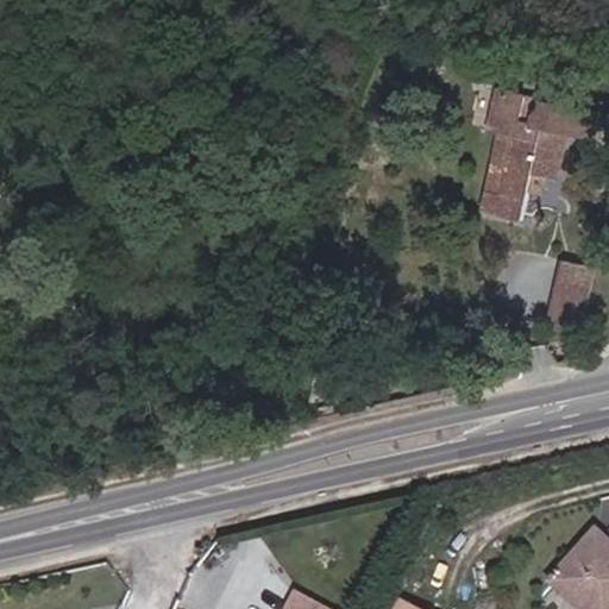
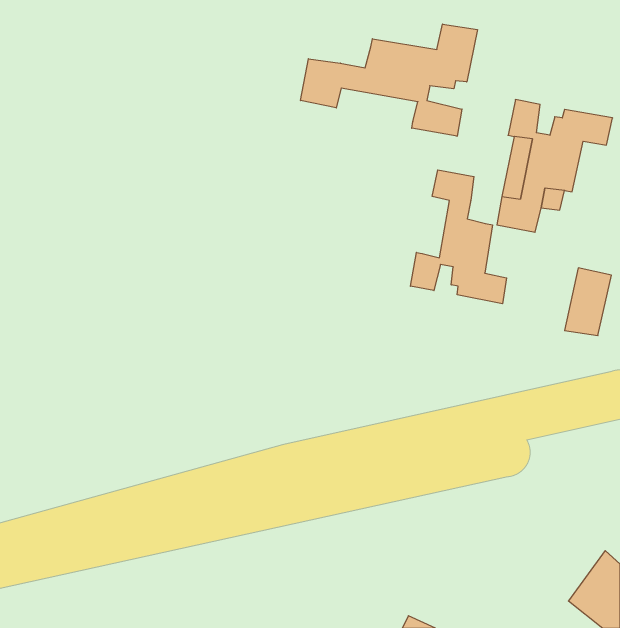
building: none -> [301,24,477,136]
building: none -> [410,170,507,304]

